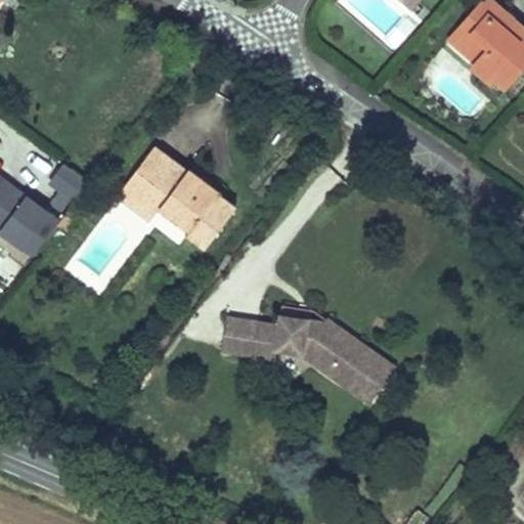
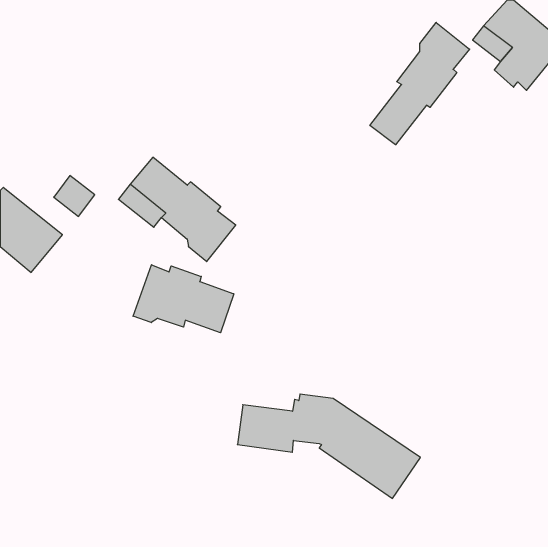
building: none -> [370,22,470,145]
building: none -> [133,265,234,333]
building: [224,304,398,403] -> [237,394,420,498]

